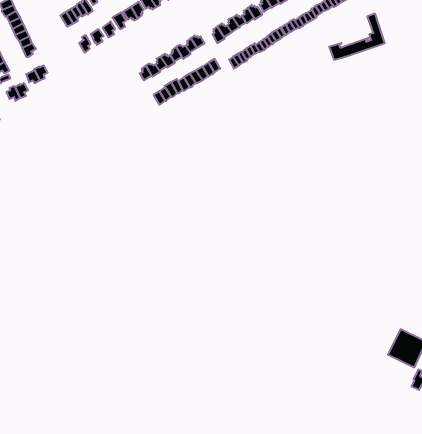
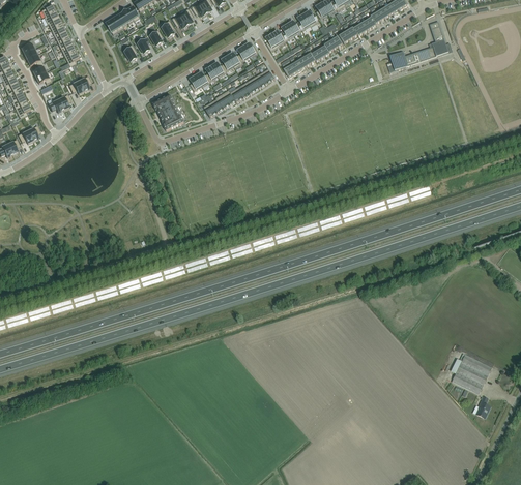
building: none -> [152,93,183,129]

